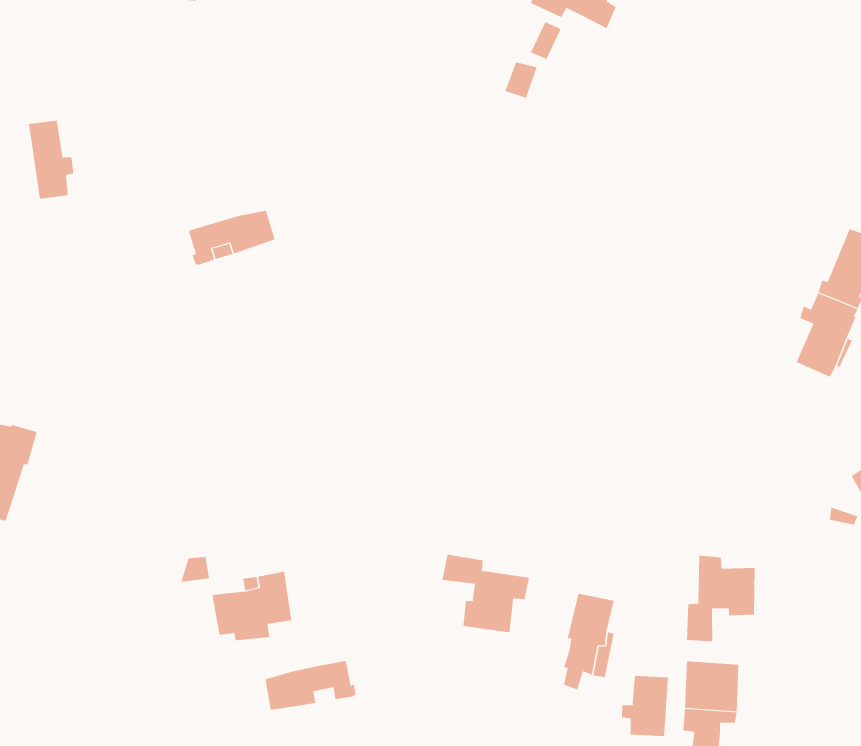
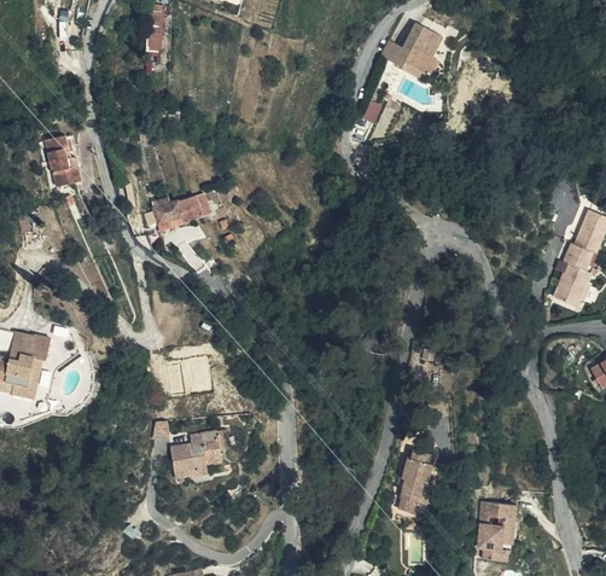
building: [442,554,530,633] -> none
building: [686,555,755,642] -> none
building: [265,660,356,710] -> none
building: [621,675,669,737] -> none

